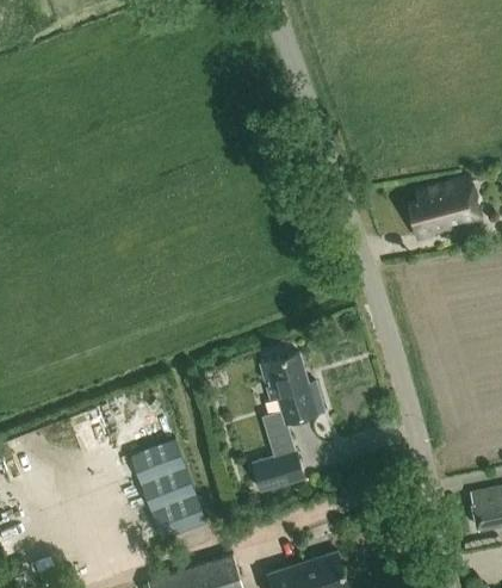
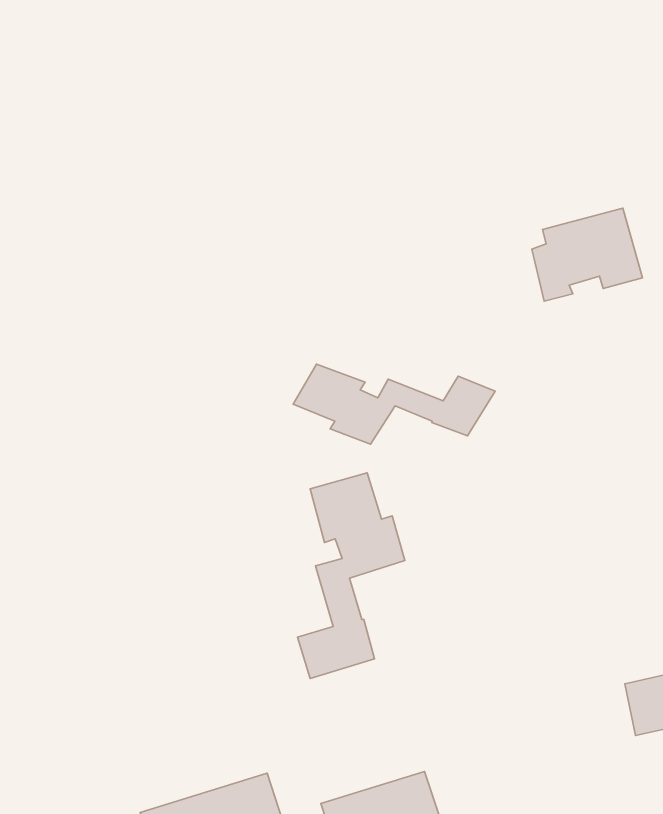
building: none -> [293,364,495,444]
building: [138,437,211,532] -> none

